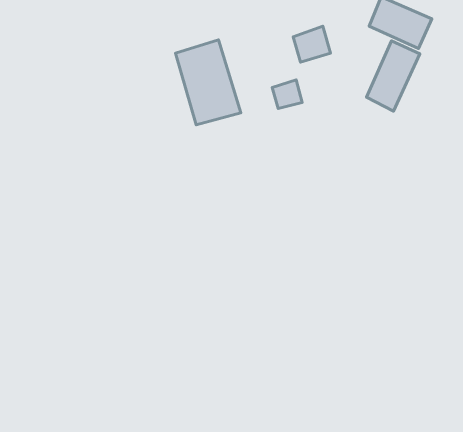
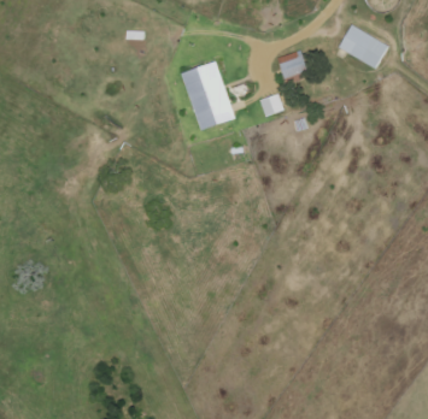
building: [366,41,420,111] -> none

